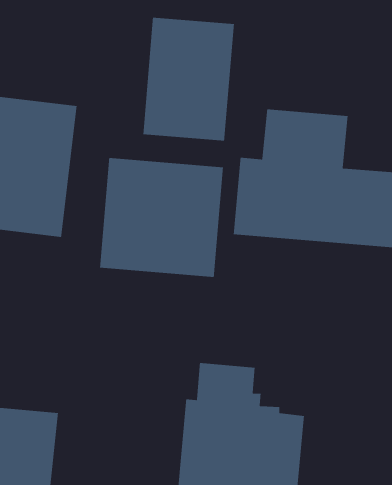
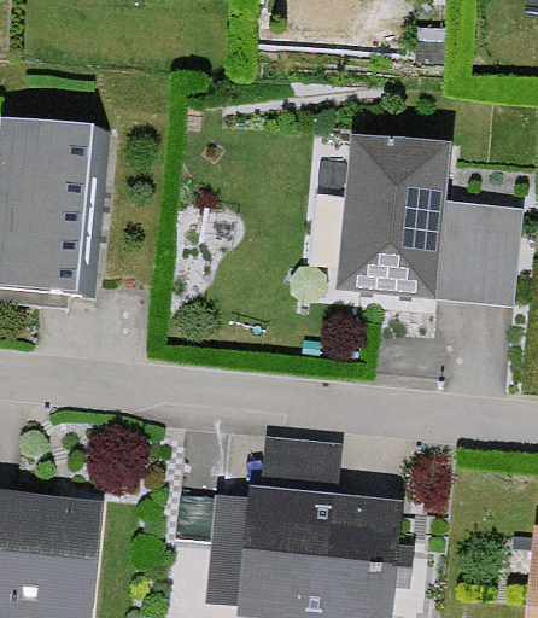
building: [142,17,235,142] -> none
building: [99,157,224,278] -> none

